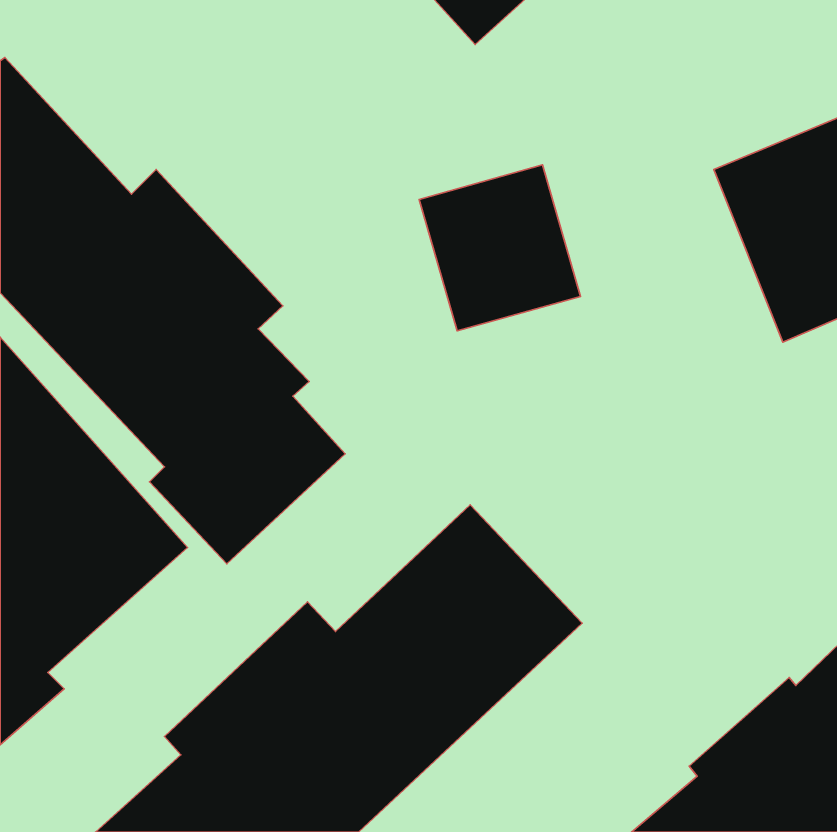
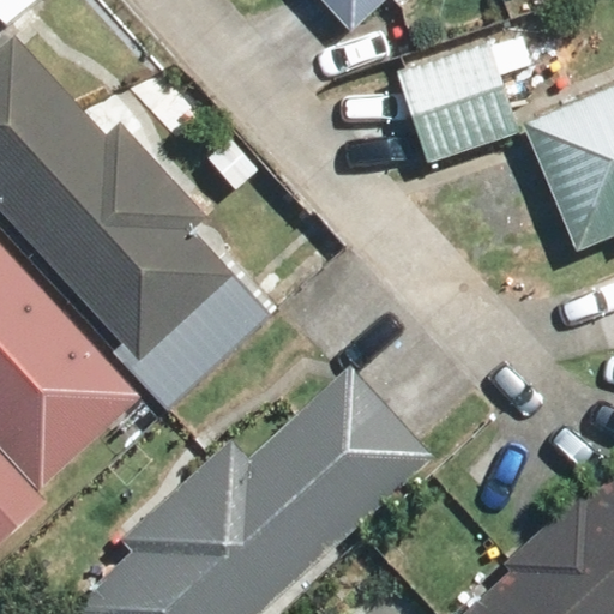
building: [419,165,580,331] -> [401,43,518,164]

